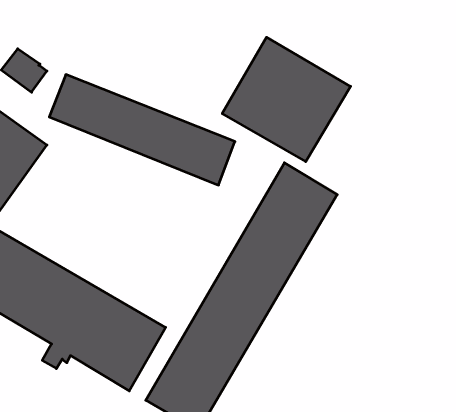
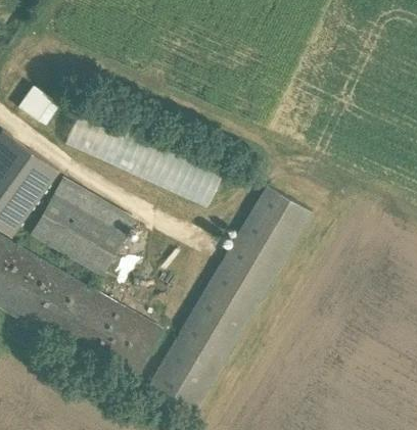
building: [222,37,351,162] -> none
building: none -> [31,176,137,276]

